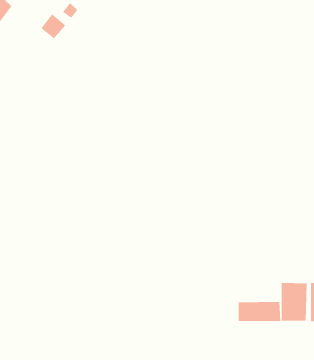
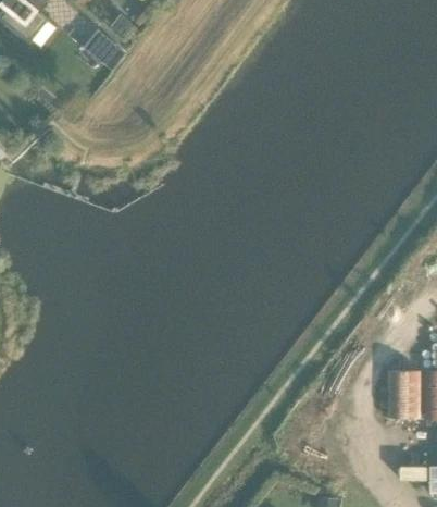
building: [238,301,281,322] -> none

